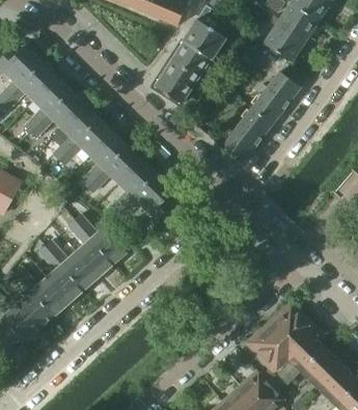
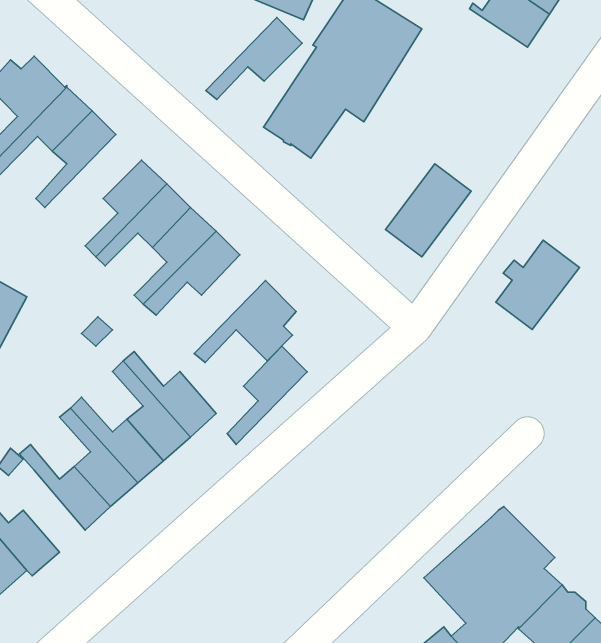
building: [263,20,304,62] -> none
building: [251,73,299,124] -> [496,240,580,330]
building: [29,91,84,138] -> [206,17,302,100]
building: [109,160,155,216] -> [227,346,307,445]
building: [17,282,52,329] -> none

